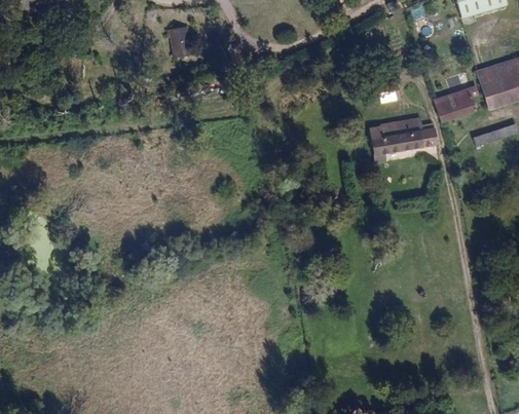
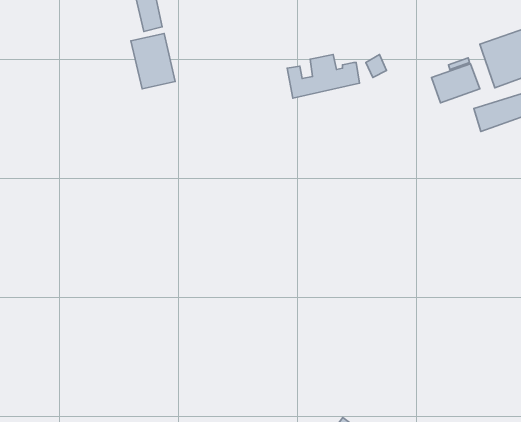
building: none -> [131,33,175,89]
building: [370,115,435,154] -> [287,55,360,98]

